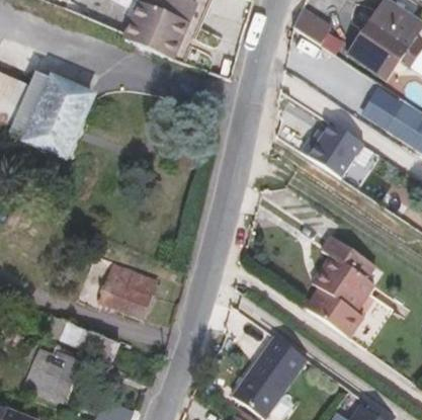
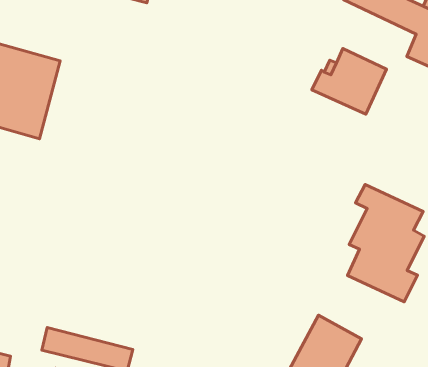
building: [98,263,157,319] -> none

